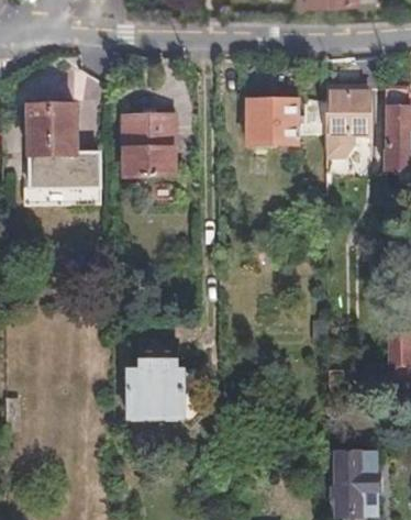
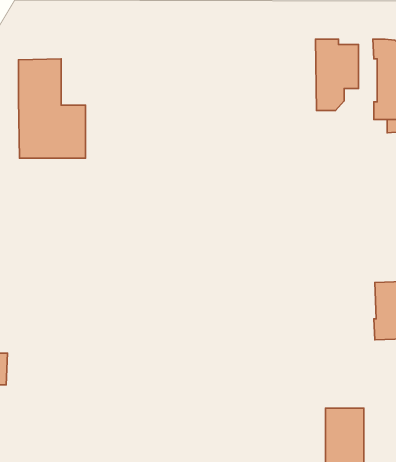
building: [247,97,296,140] -> none
building: [124,112,173,172] -> none
building: [125,362,200,429] -> none

